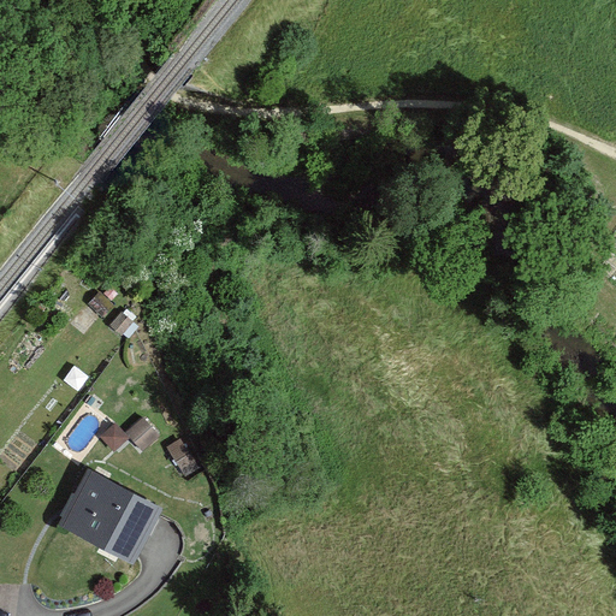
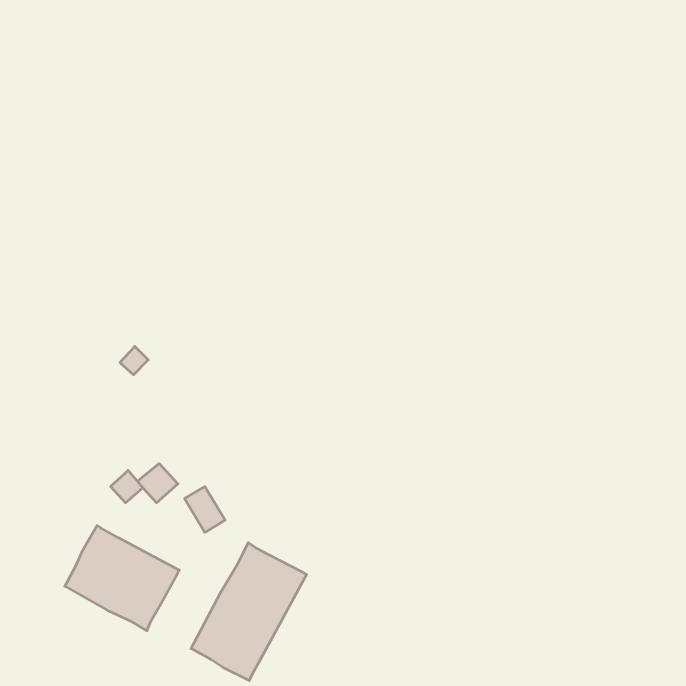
building: none -> [191,543,307,681]

